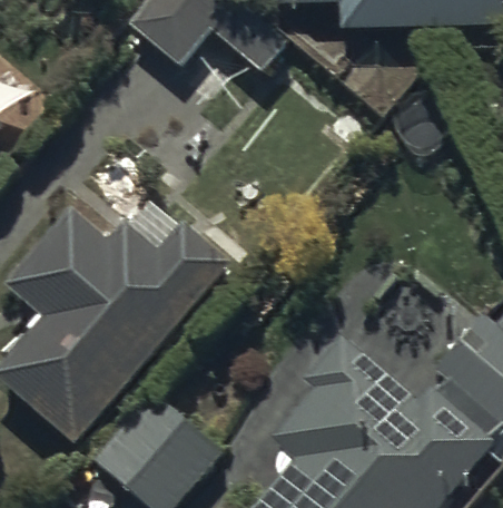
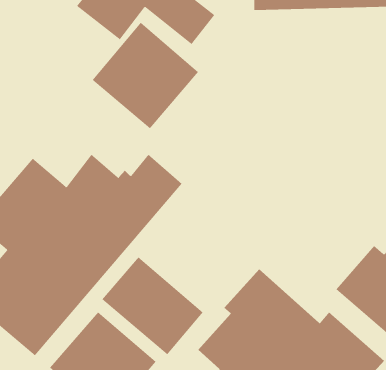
building: none -> [92,22,199,129]
building: none -> [101,256,204,355]

